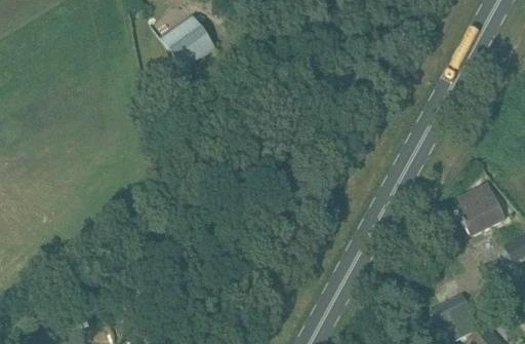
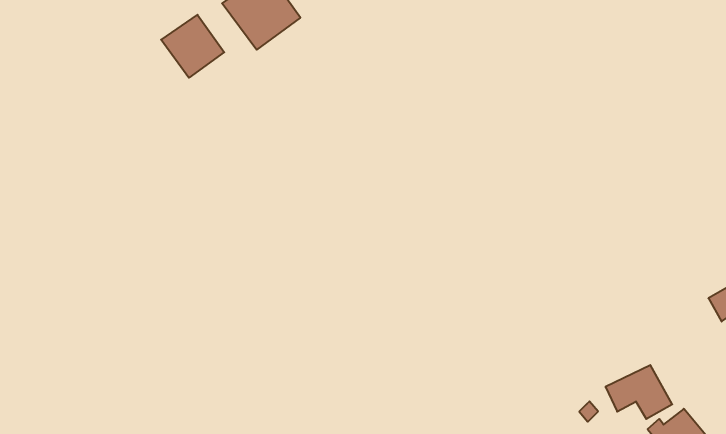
building: none -> [161,15,224,78]
building: [457,188,504,233] -> none

